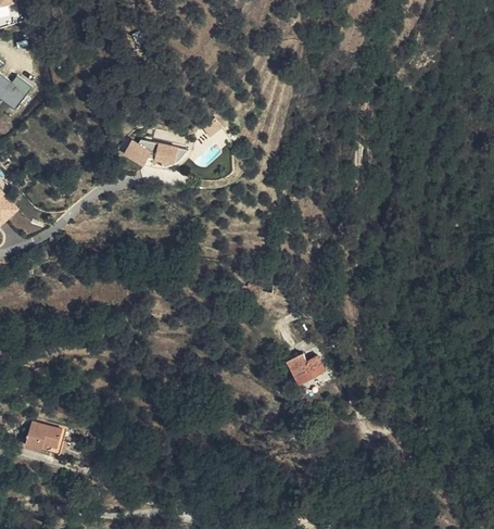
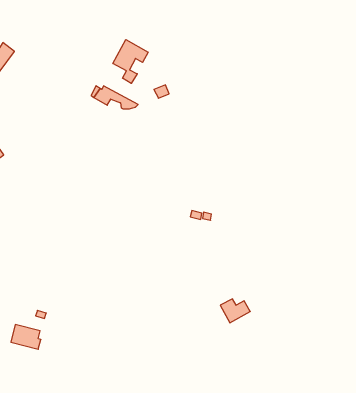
building: none -> [113,40,148,83]
building: [288,354,325,383] -> [220,299,250,323]

